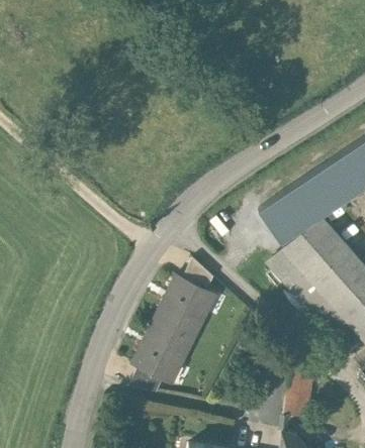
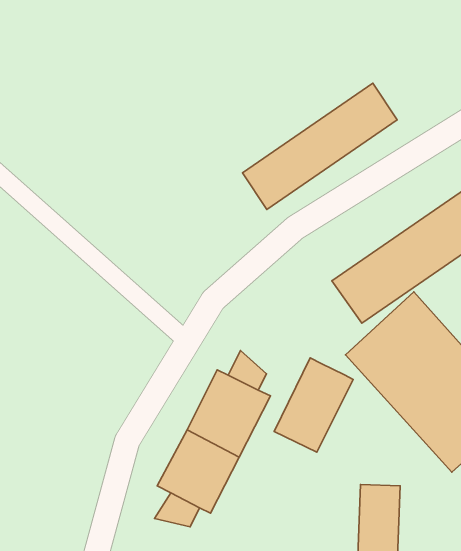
building: none -> [242,83,397,209]
building: none -> [274,358,353,452]

